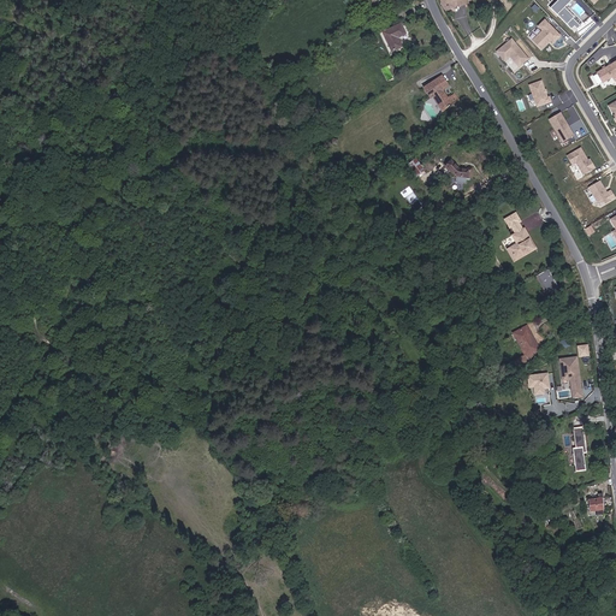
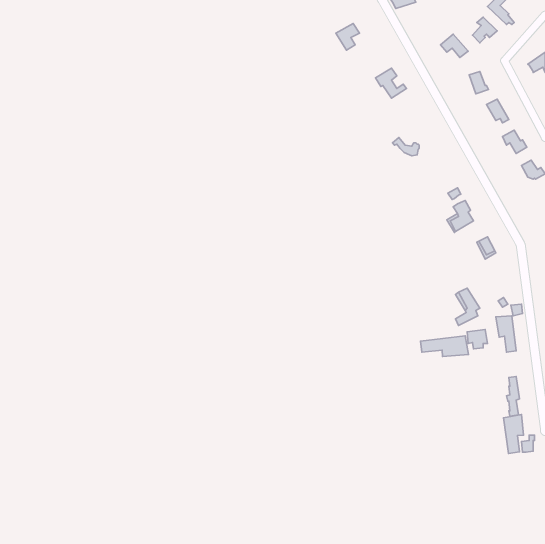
building: none -> [420,336,469,357]
building: none -> [503,414,524,454]

